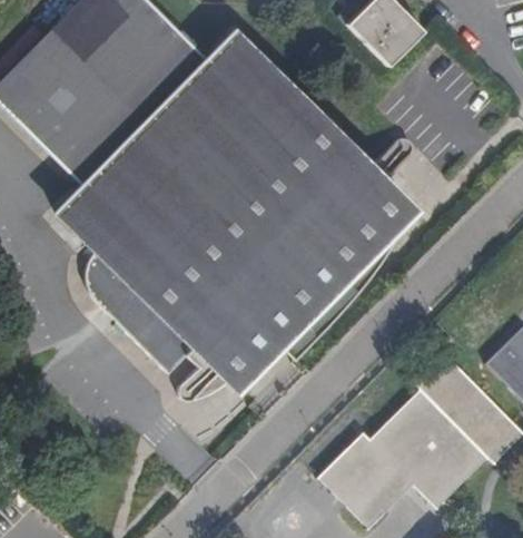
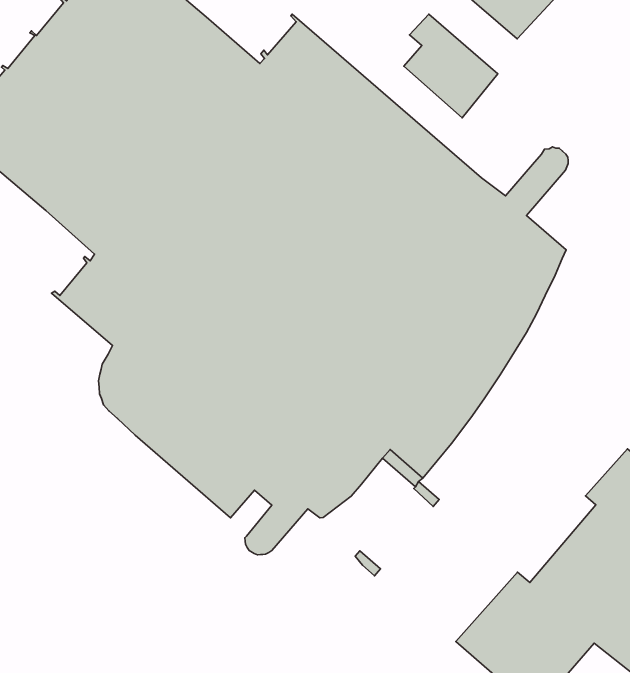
building: none -> [404,14,498,118]

